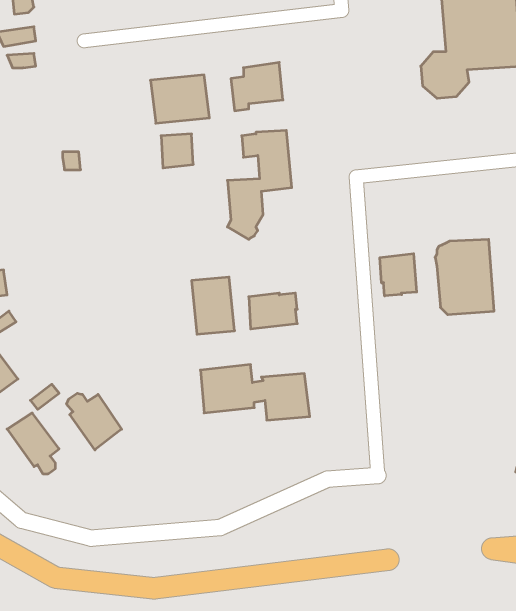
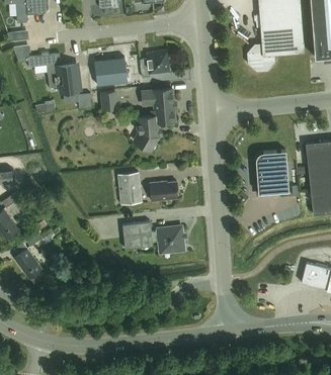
building: none -> [27,53,79,93]
building: [380,254,417,296] -> none
building: [67,393,122,450] -> none

